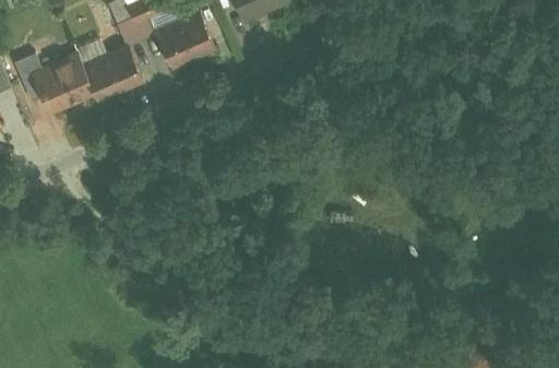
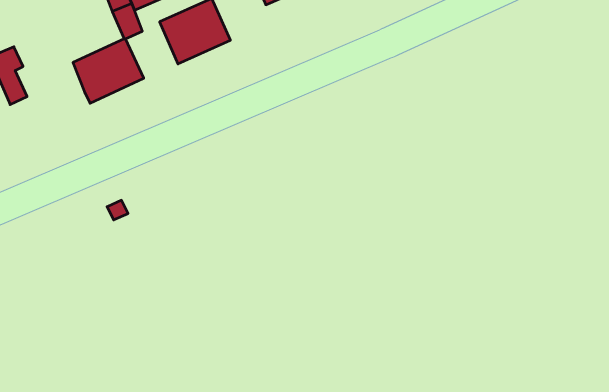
building: [35,55,93,110] -> none

